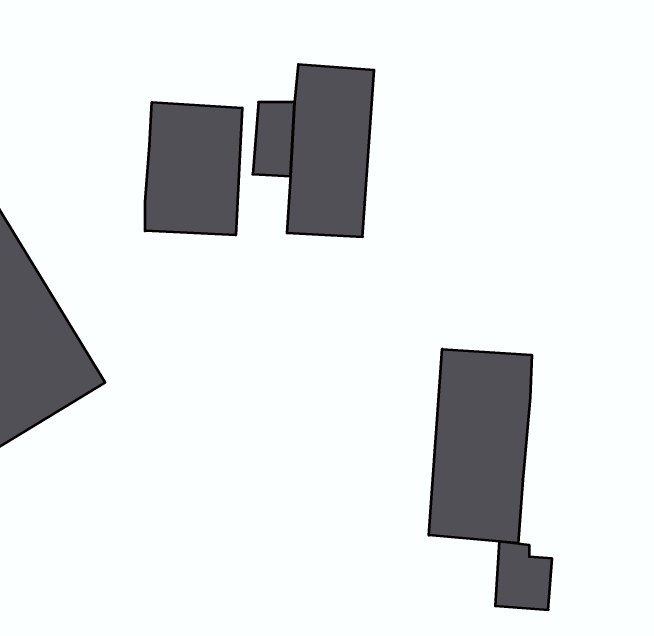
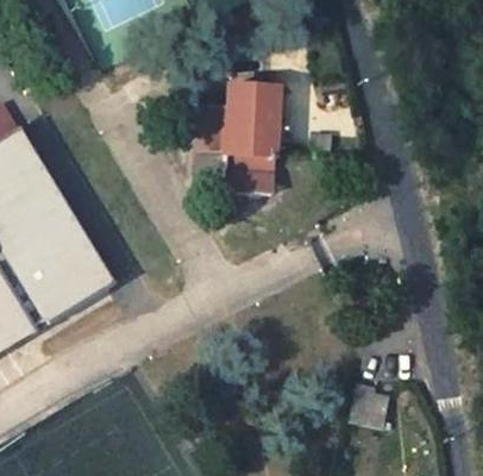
building: [145,102,242,235] -> none
building: [429,349,532,543] -> none

